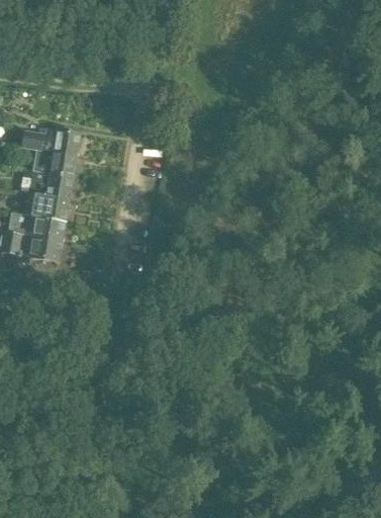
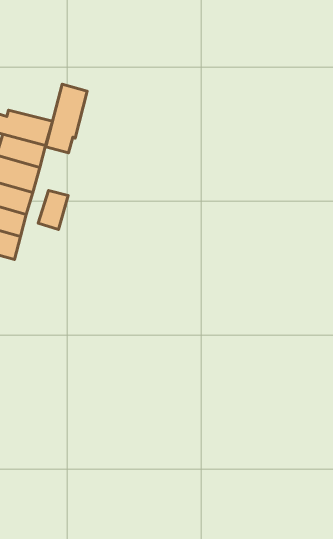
building: none -> [46,84,87,153]
building: none -> [38,190,68,229]

